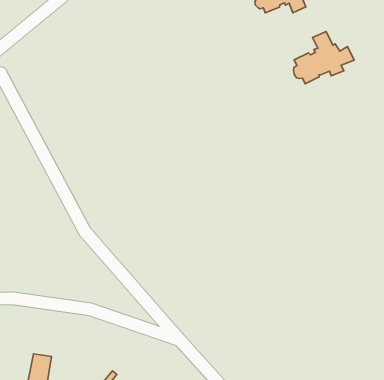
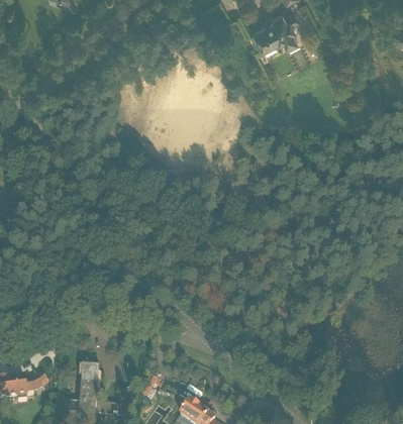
building: [293,31,354,84] -> none

